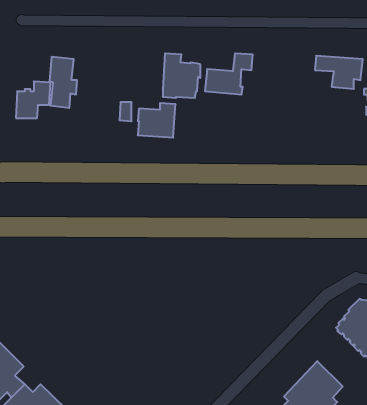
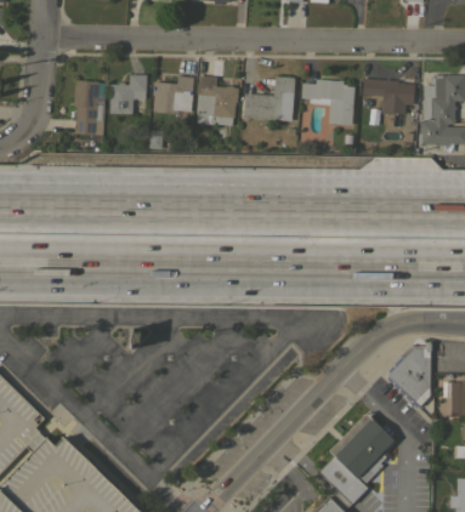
building: none -> [301,79,355,125]
building: [16,81,50,118] -> [109,74,147,114]
building: [138,103,176,138] -> [153,76,194,114]

